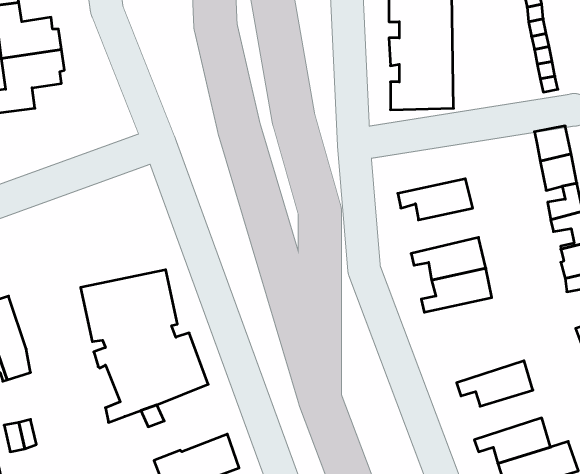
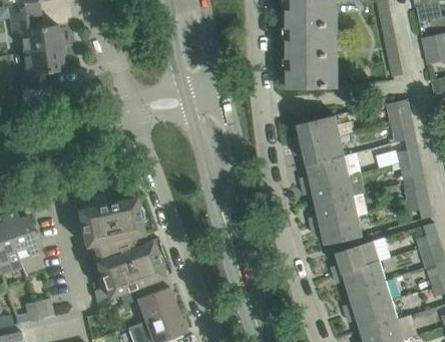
building: none -> [292,115,340,145]
building: none -> [301,155,349,187]
building: none -> [312,217,363,245]
building: none -> [332,241,380,275]
building: none -> [344,280,392,314]
building: none -> [137,287,177,322]

